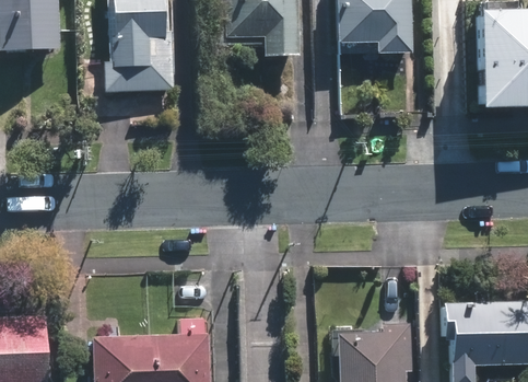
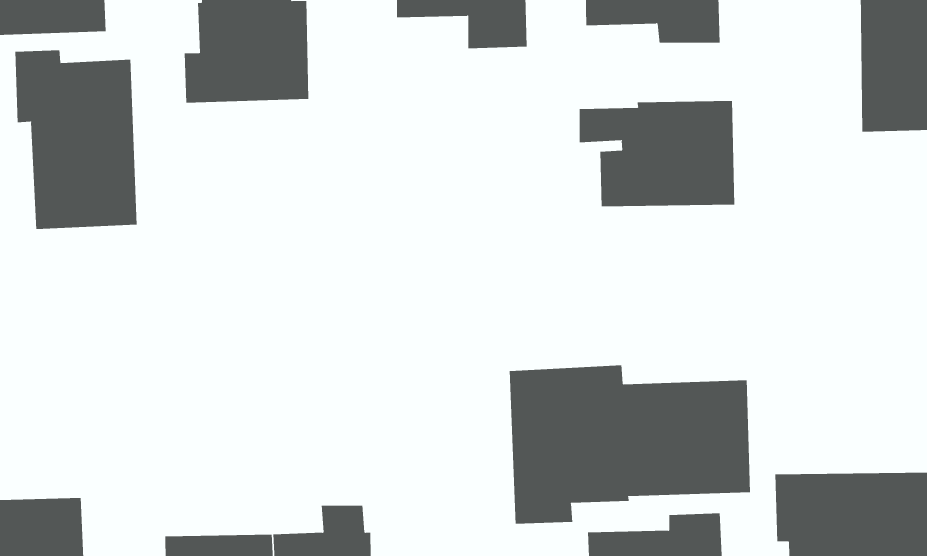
building: none -> [15,49,137,230]
building: none -> [579,100,735,207]
building: none -> [509,364,751,524]

